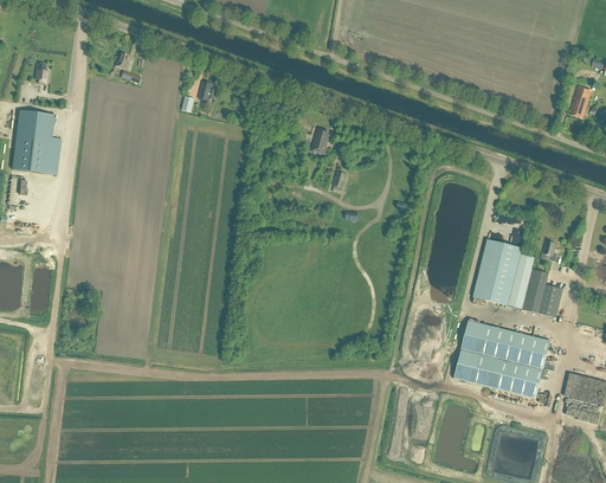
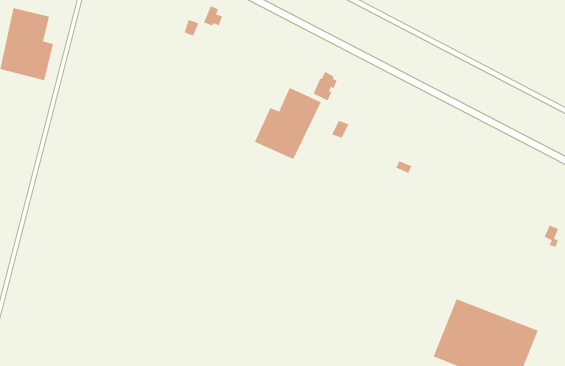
building: none -> [254,87,321,160]
building: [471,238,561,316] -> none

